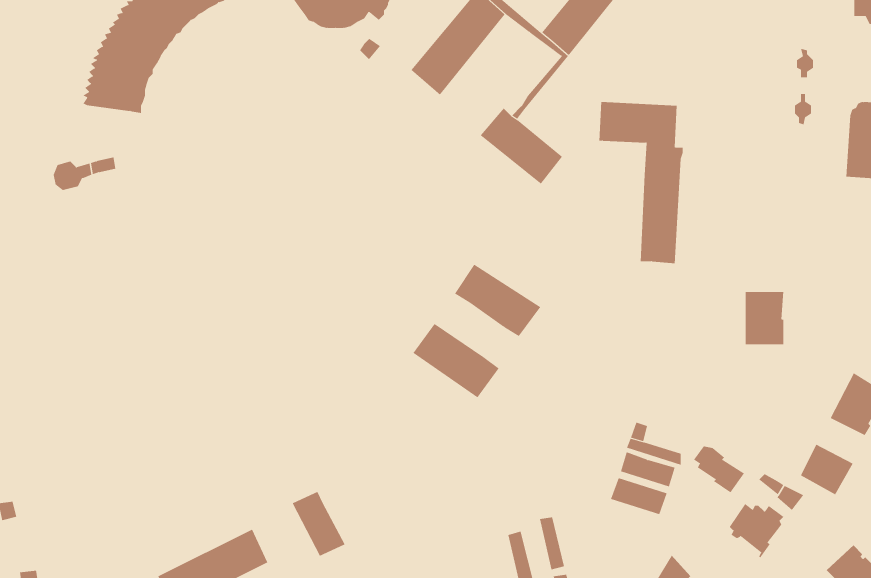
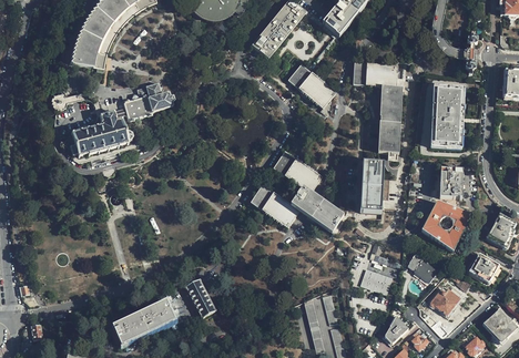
building: none -> [70,82,174,157]
building: none -> [431,88,462,146]
building: none -> [362,162,384,212]
building: none -> [292,187,344,232]
building: none -> [419,202,472,248]

